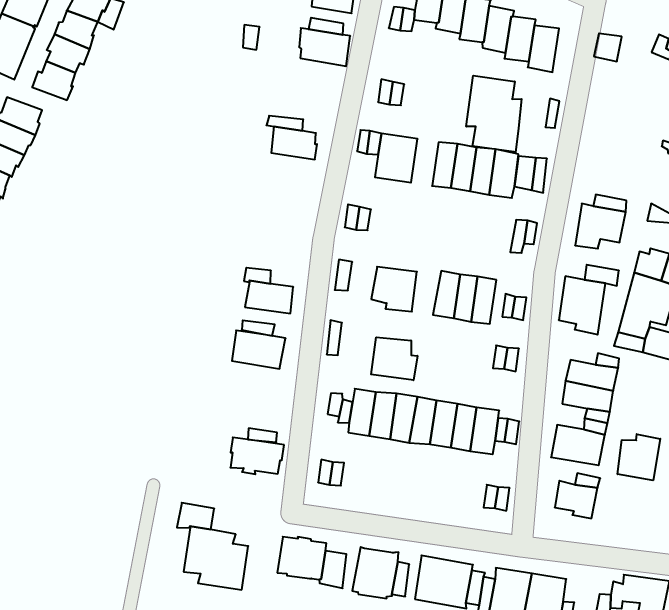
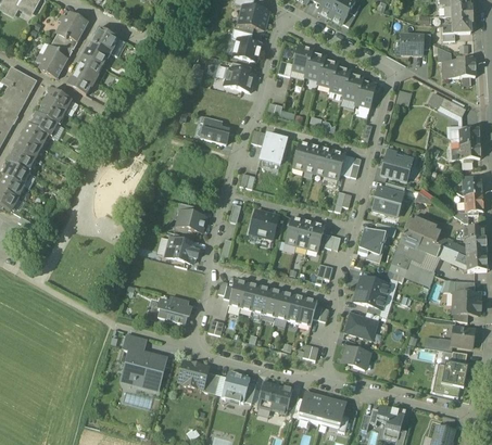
building: [466,76,522,153] -> none
building: none -> [380,149,413,180]
building: [371,337,417,380] -> none
building: [618,434,660,480] -> none

